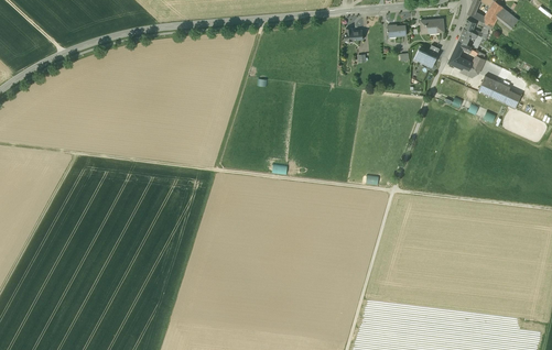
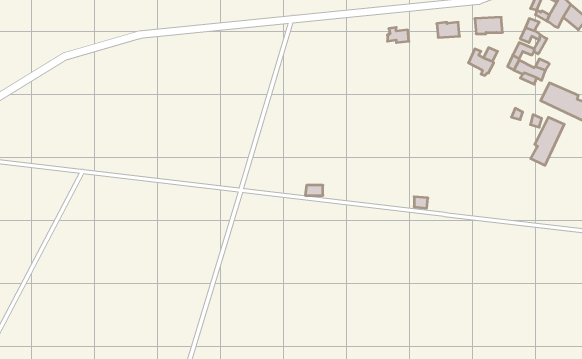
building: none -> [531,117,564,165]

